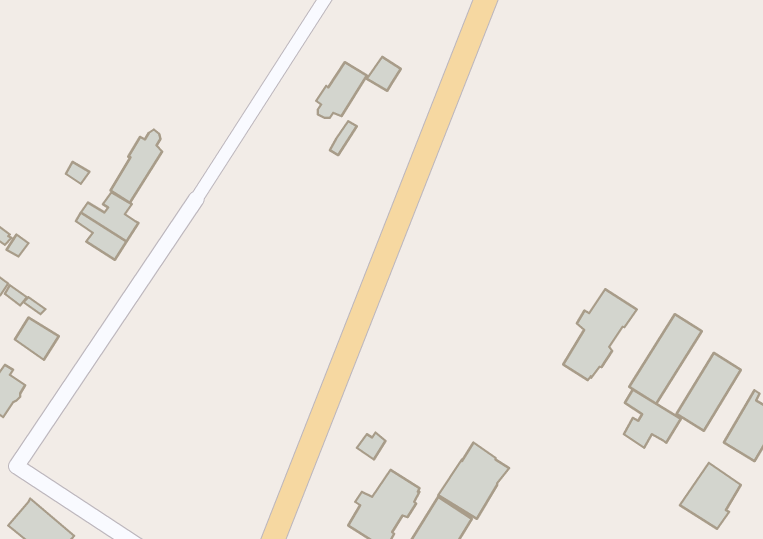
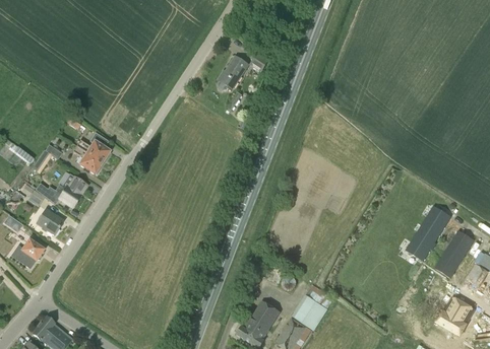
building: [110,130,162,203] -> none
building: none -> [54,178,85,207]
building: [563,289,637,380] -> none
building: [624,389,681,448] -> none

